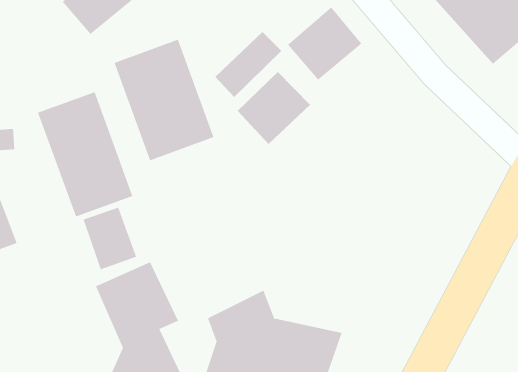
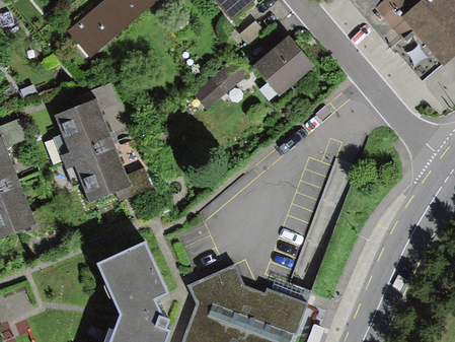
building: [114,39,214,161] -> none
building: [237,71,311,145] -> none
building: [83,207,137,270] -> none

